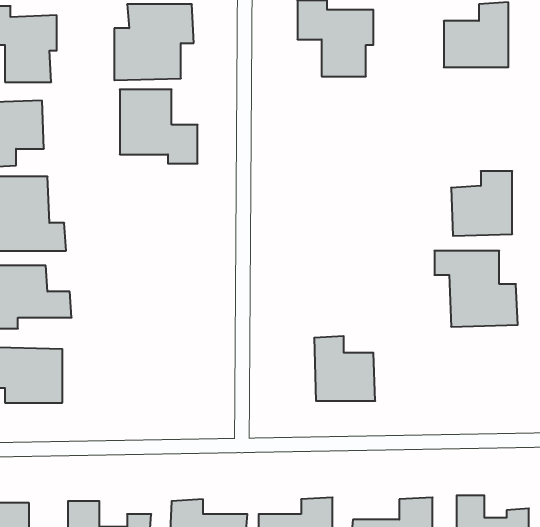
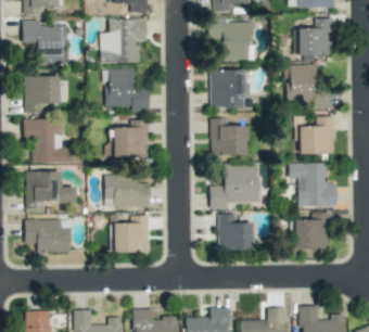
building: none -> [285,64,331,108]
building: none -> [211,69,249,108]
building: none -> [211,118,249,155]
building: none -> [106,119,149,158]
building: none -> [211,164,258,208]
building: none -> [104,174,151,207]
building: none -> [294,212,331,250]
building: none -> [114,215,149,253]

